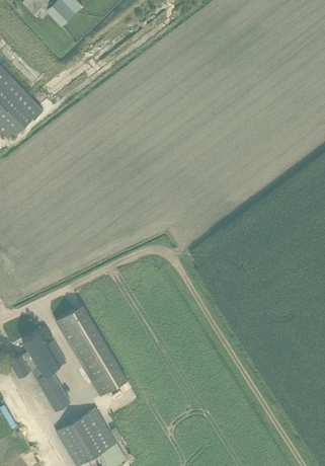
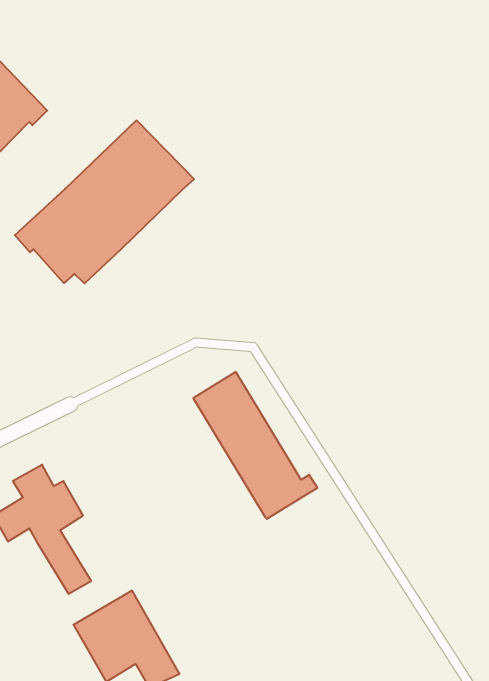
building: none -> [15,120,194,283]
building: [55,305,132,396] -> [193,372,317,519]

